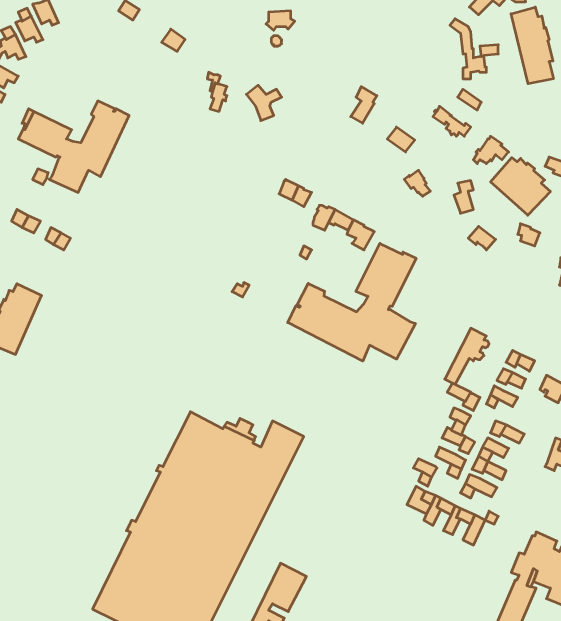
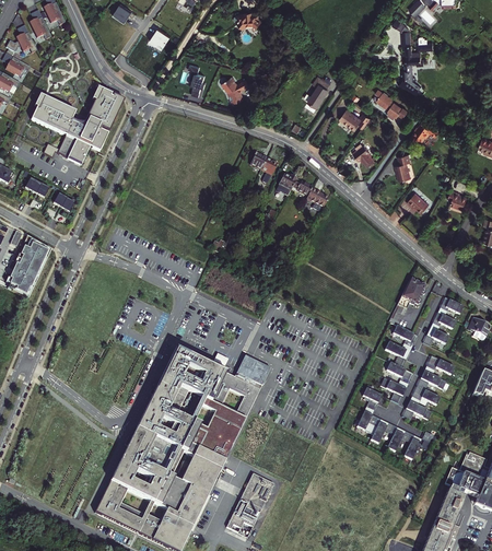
building: [511,7,553,84] -> none
building: [491,158,550,215] -> none
building: [288,243,416,361] -> none

